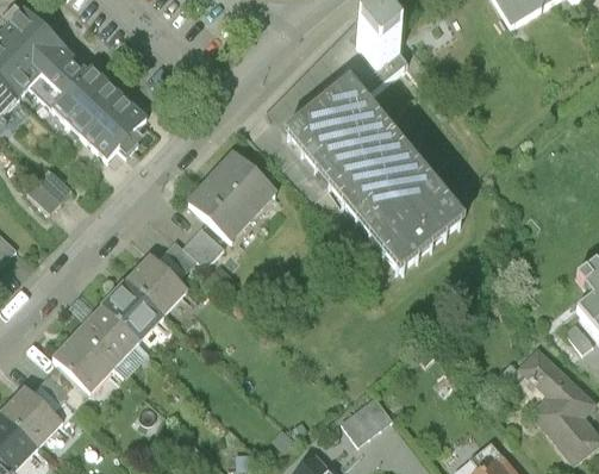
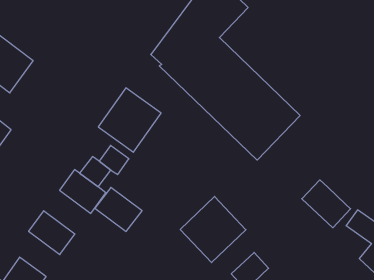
building: [80,95,145,161] -> none
building: [105,274,168,336] -> [95,187,142,231]
building: none -> [302,180,351,228]
building: none -> [180,196,246,263]
building: [56,324,119,386] -> none

